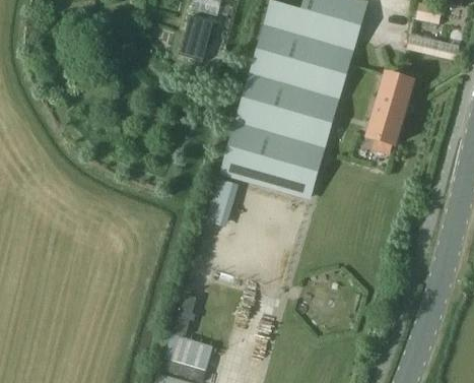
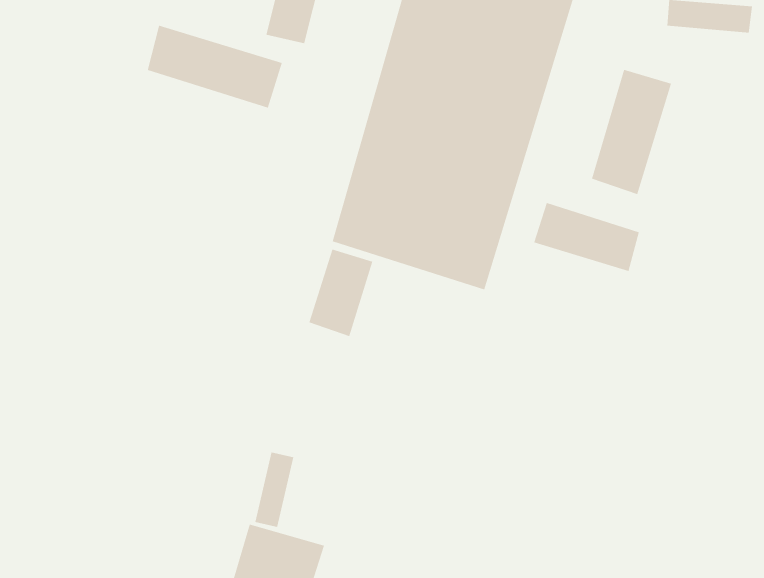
building: none -> [147,25,283,109]
building: none -> [534,202,640,272]

